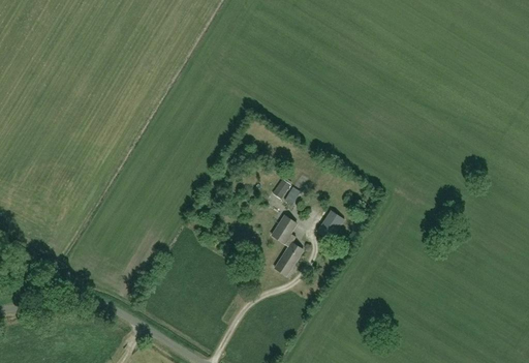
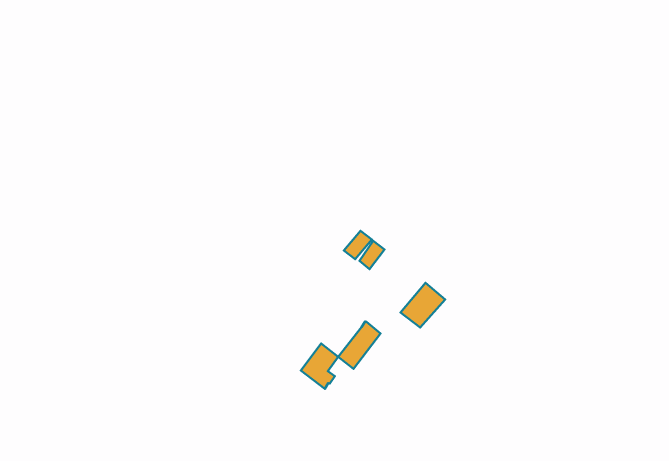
building: [272,214,297,245] -> [301,344,338,389]

